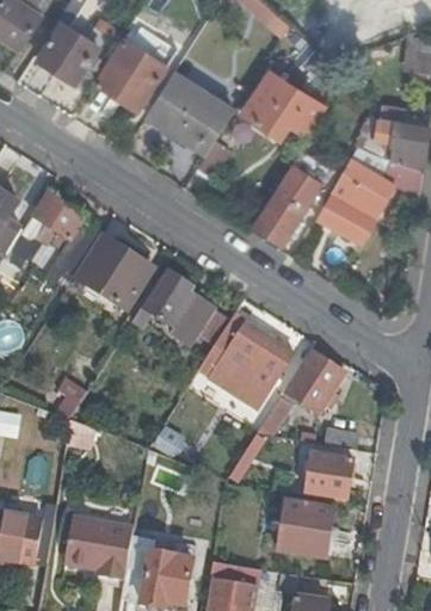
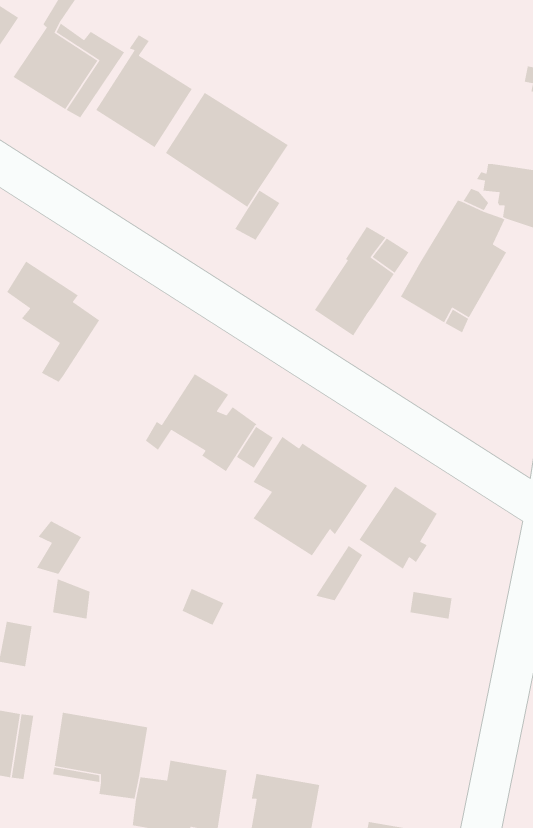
building: [242,72,322,138] -> none
building: [74,234,146,309] -> none
building: [303,452,352,500] -> none
building: [277,500,332,560] -> none

